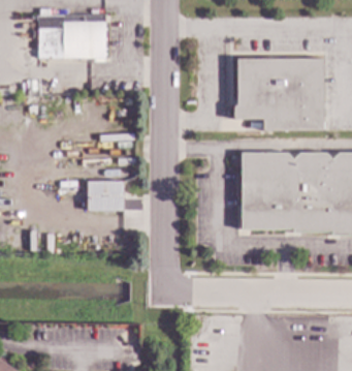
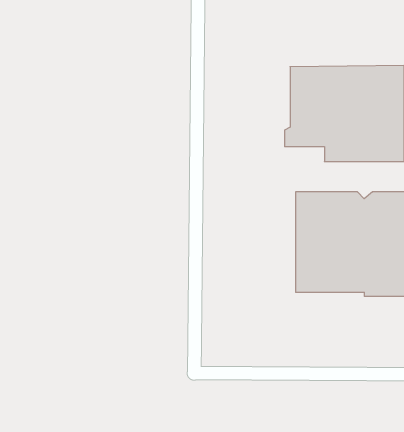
building: [36,14,105,63] -> none
building: [87,181,124,211] -> none

